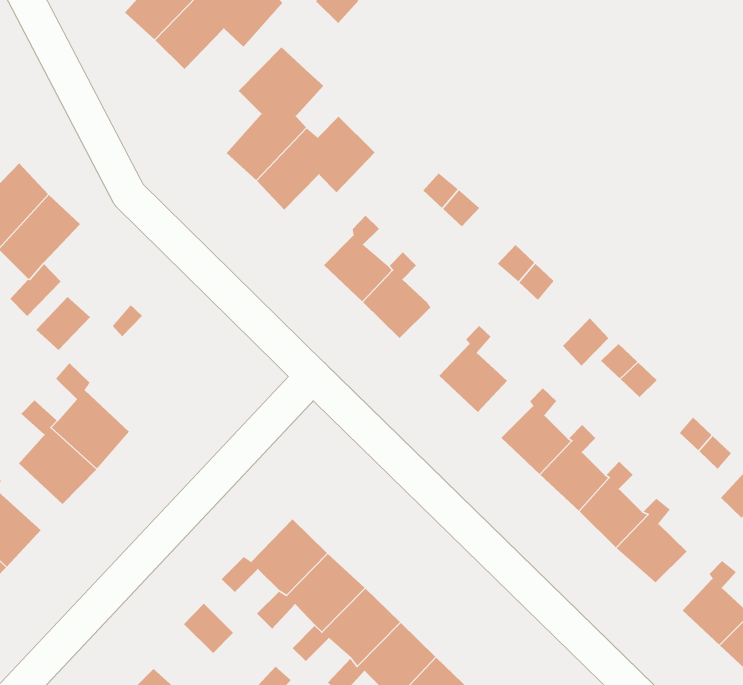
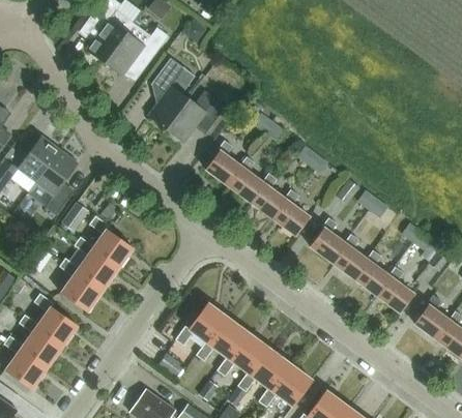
building: none -> [251,173,287,218]
building: none -> [89,215,133,268]

